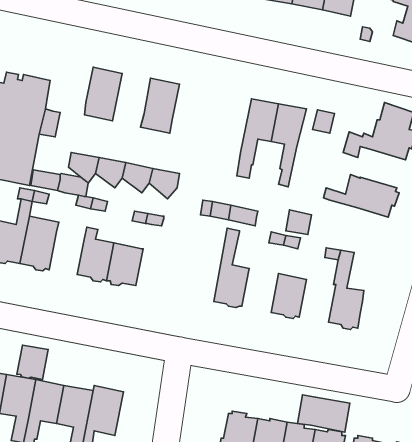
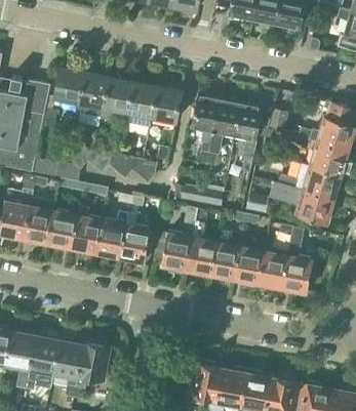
building: none -> [53,68,85,113]
building: none -> [98,78,133,133]
building: none -> [152,87,183,122]
building: none -> [191,95,219,164]
building: none -> [310,141,348,174]
building: none -> [276,182,333,223]
building: none -> [162,206,198,270]
building: none -> [48,211,78,247]
building: none -> [121,212,151,262]
building: none -> [210,242,241,279]
building: none -> [259,251,289,287]
building: [17,345,48,379] -> none
building: [297,395,350,432] -> none

